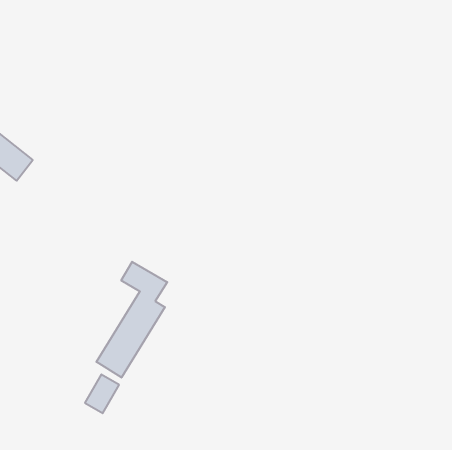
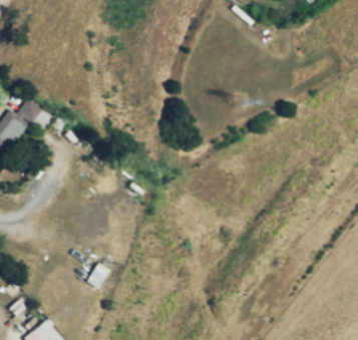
building: [96,262,167,378] -> none

